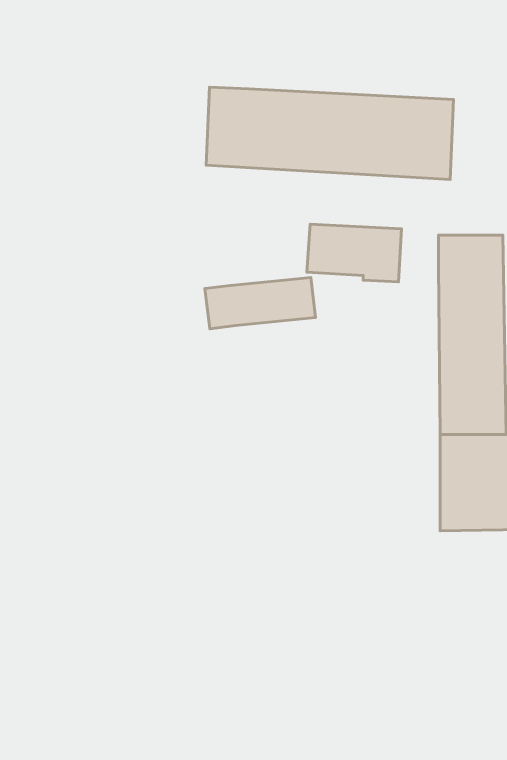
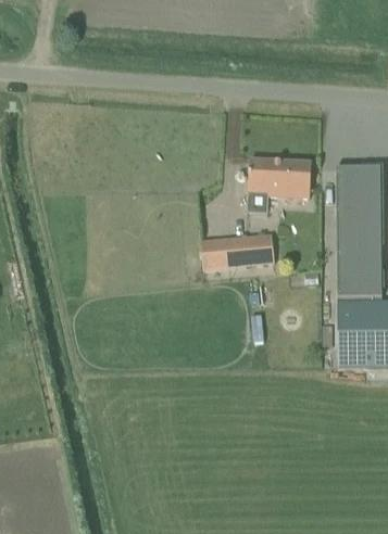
building: [206,87,454,180] -> none
building: [205,277,316,329] -> [199,234,274,269]

